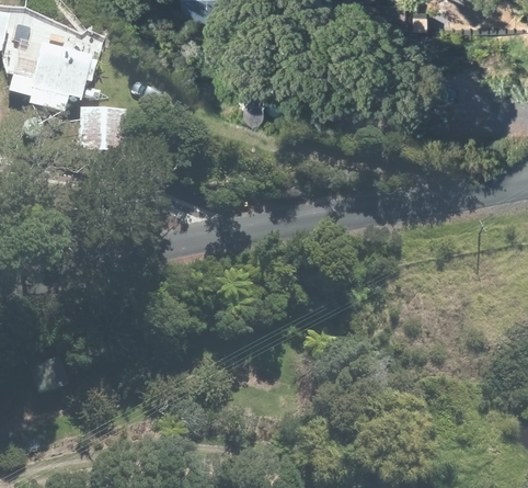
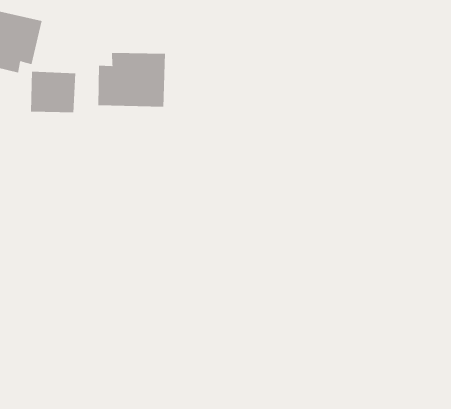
building: none -> [98,52,165,107]

